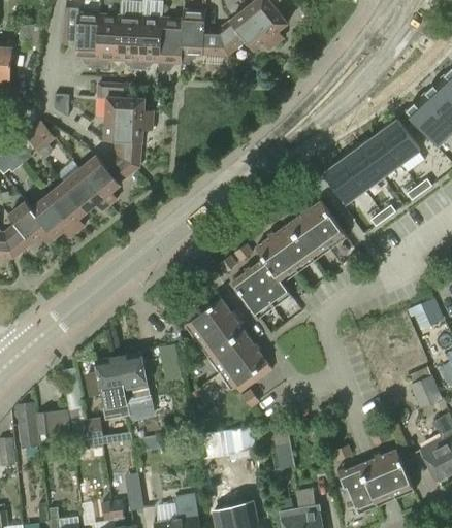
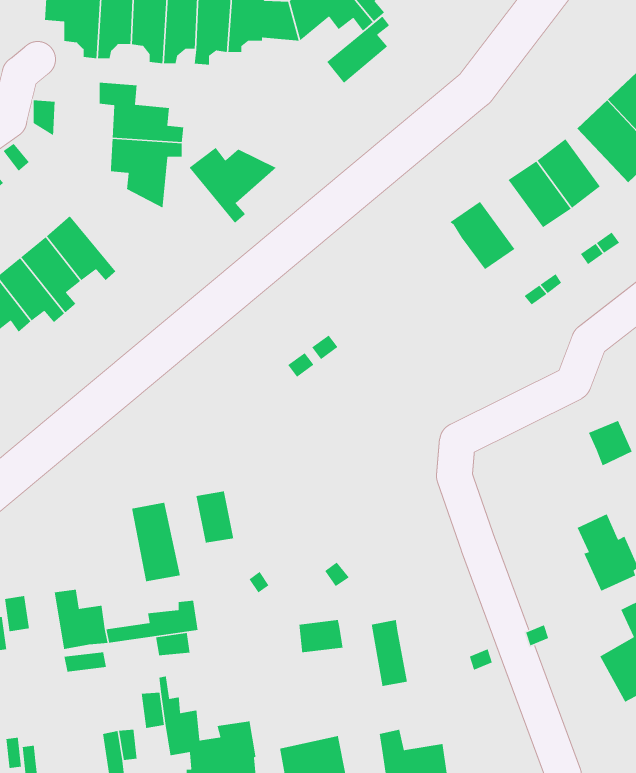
building: none -> [326,16,390,84]
building: [343,145,383,190] -> none
building: [79,155,136,204] -> [188,147,277,224]
building: [232,200,347,318] -> none
building: [184,293,272,392] -> none
building: [87,356,130,419] -> none
building: [335,449,414,515] -> none

